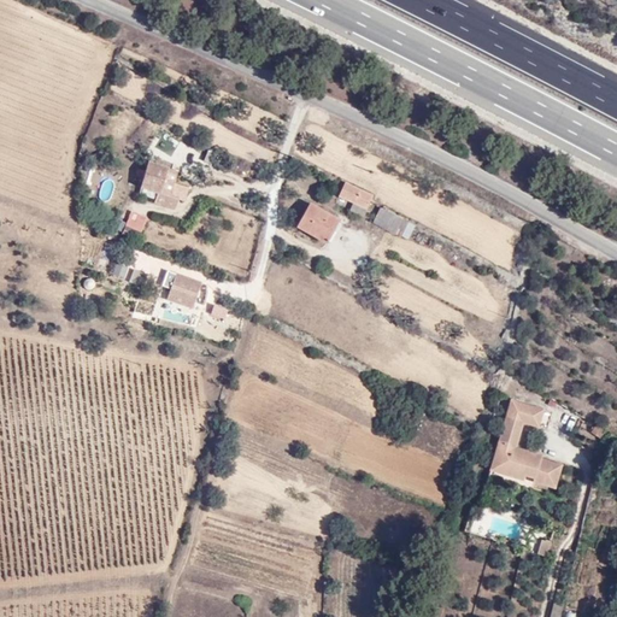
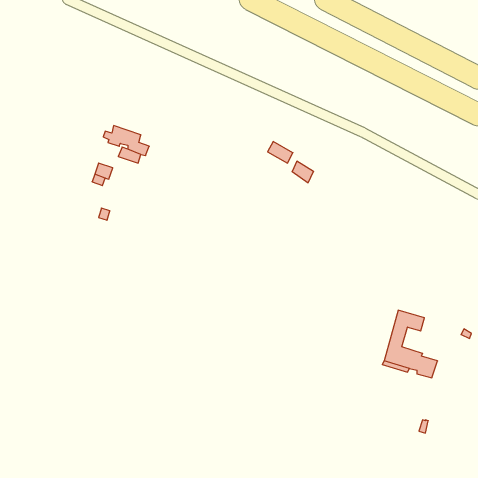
building: [299,204,340,243] -> none
building: [164,275,200,310] -> none

